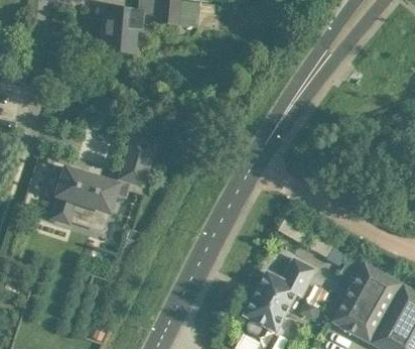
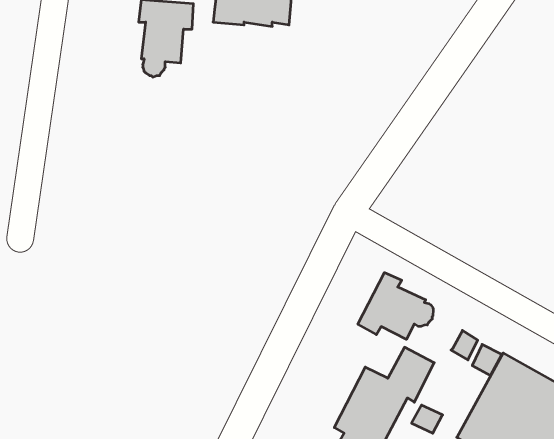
building: [51,136,156,223] -> none
building: none -> [358,273,433,339]

